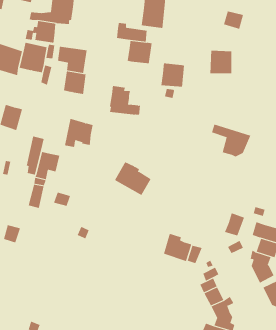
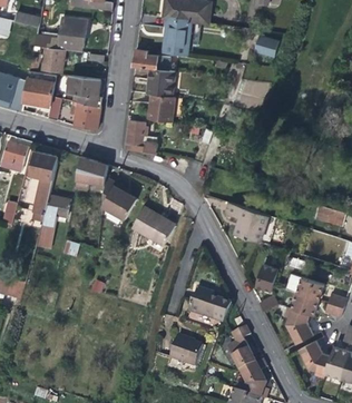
building: [160,63,185,87] -> [147,94,175,121]
building: none -> [29,151,58,180]
building: [211,124,251,157] -> [226,203,272,240]
building: none -> [101,176,137,219]
building: none -> [170,338,203,368]

